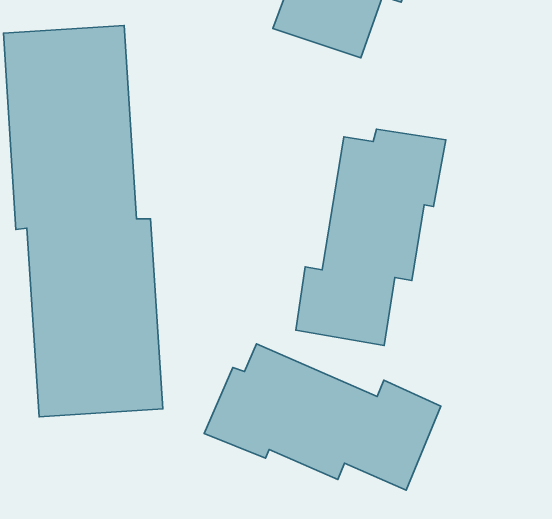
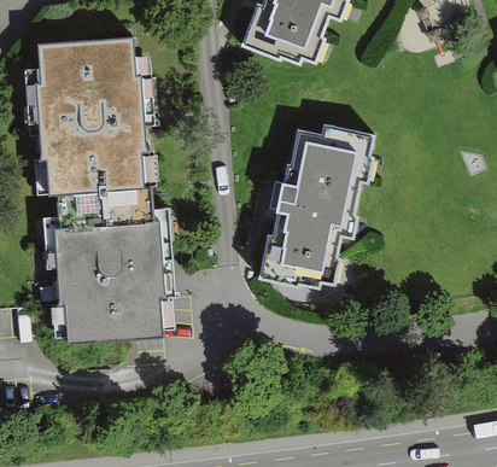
building: [204,344,441,490] -> none

